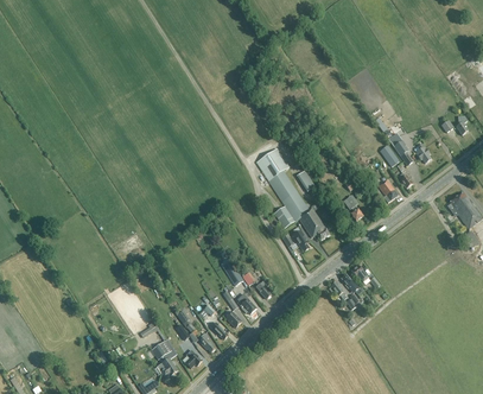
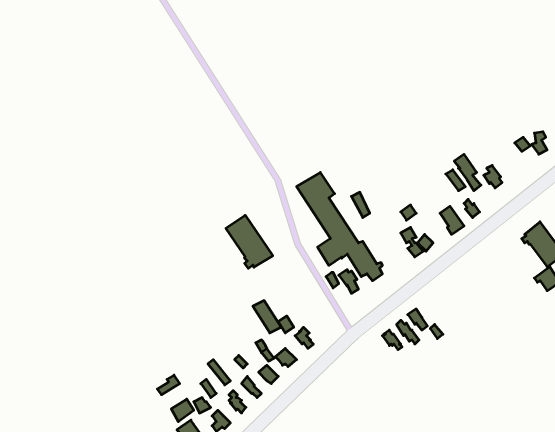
building: none -> [226,215,273,268]

